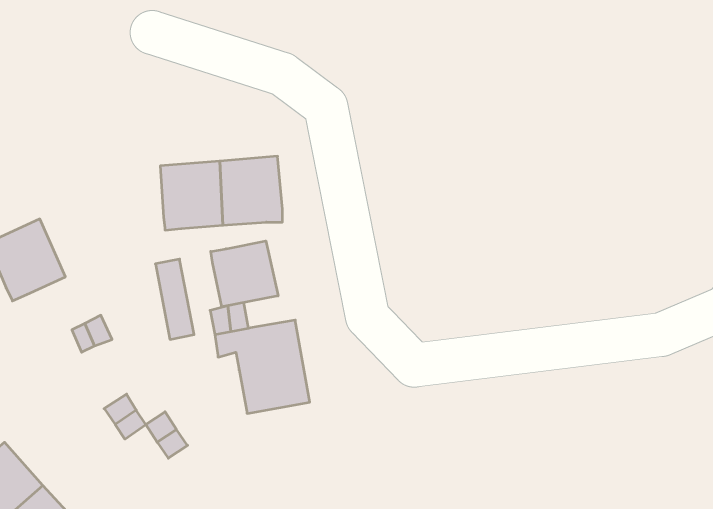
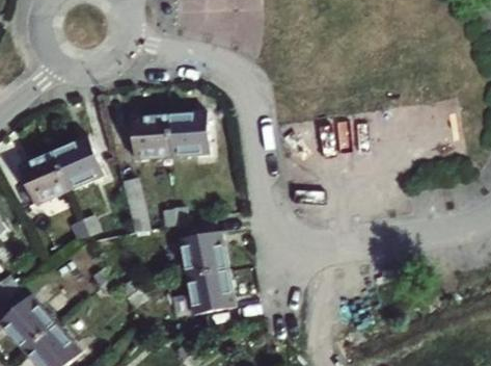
building: none -> [51,137,101,189]
building: [211,241,278,307] -> none
building: none -> [185,270,233,315]

